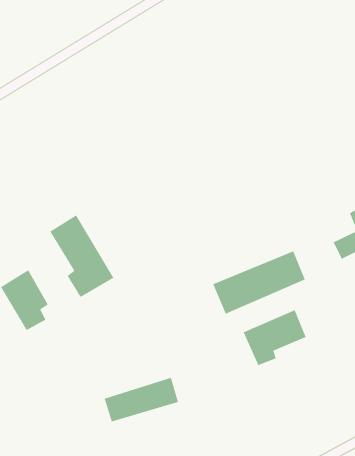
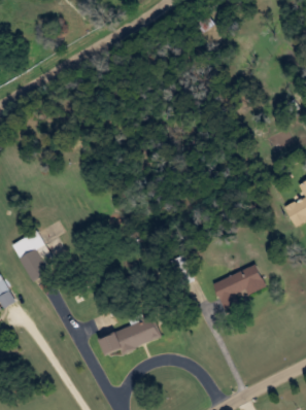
building: [50,215,114,298] -> none
building: [212,251,306,315] -> none

